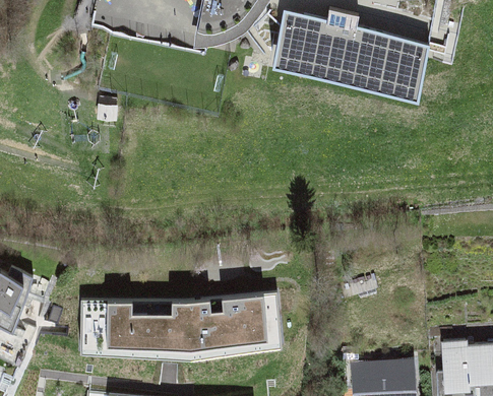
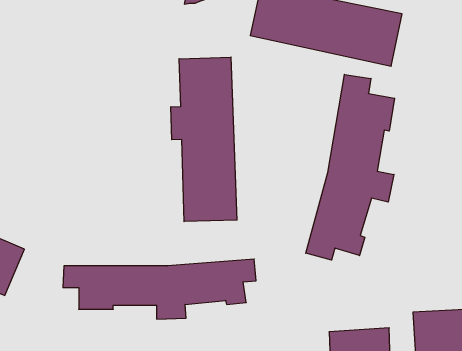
building: none -> [171,57,237,222]
building: none -> [306,74,395,260]

